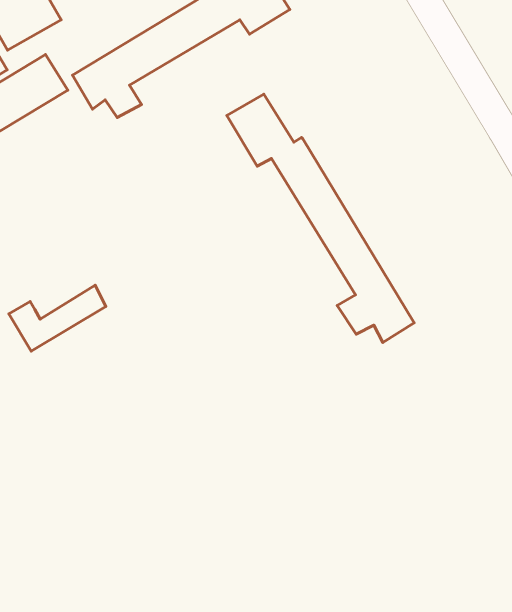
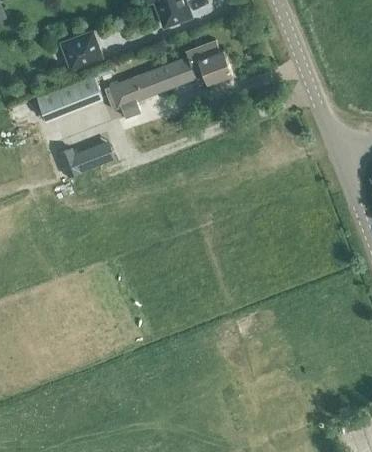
building: [227,94,414,343] -> none
building: [9,285,106,351] -> [58,146,113,177]

